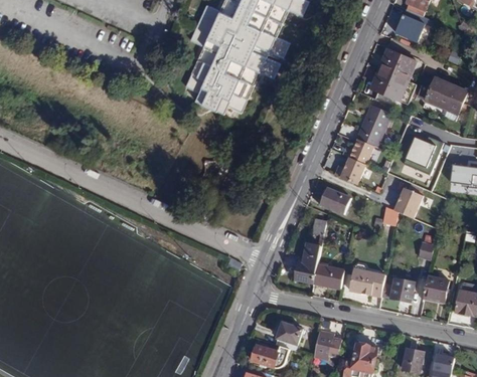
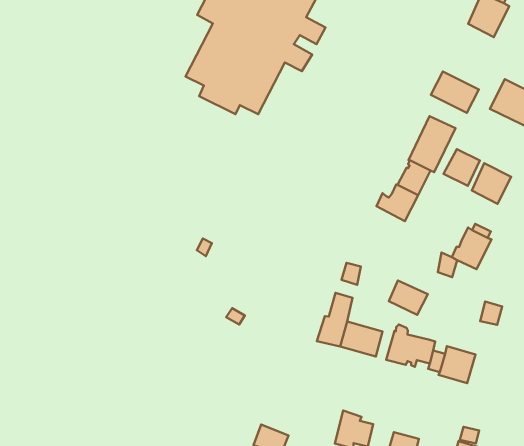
building: [378,48,415,81] -> none
building: none -> [444,149,480,186]
building: [320,187,349,212] -> [389,280,428,315]
building: [423,274,448,301] -> none
building: [276,322,301,348] -> none

